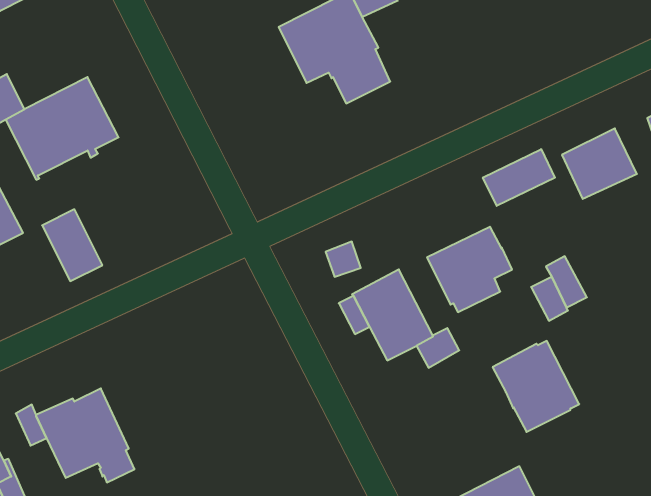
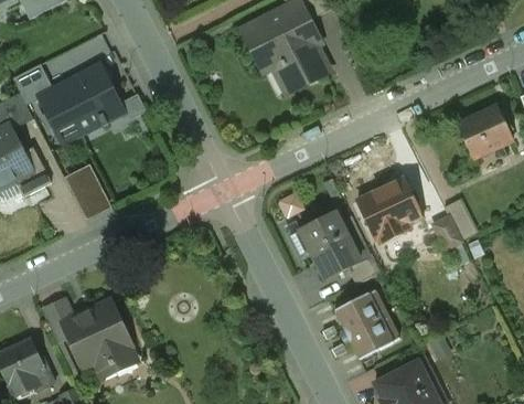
building: [483,149,555,206] -> none
building: [493,341,579,432] -> [334,289,399,358]

